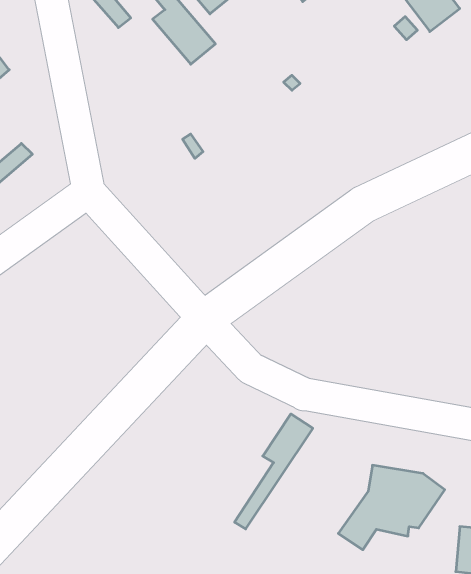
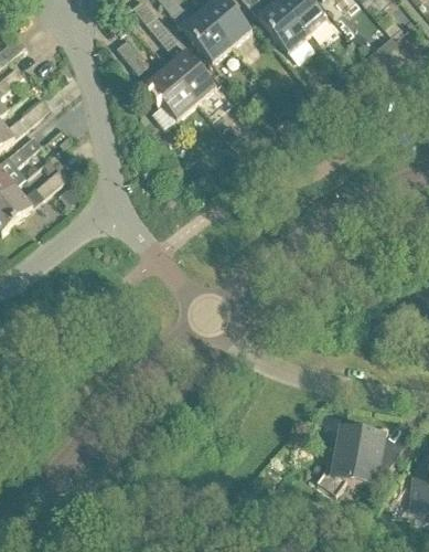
building: none -> [146,64,196,125]
building: [235,414,313,529] -> none

